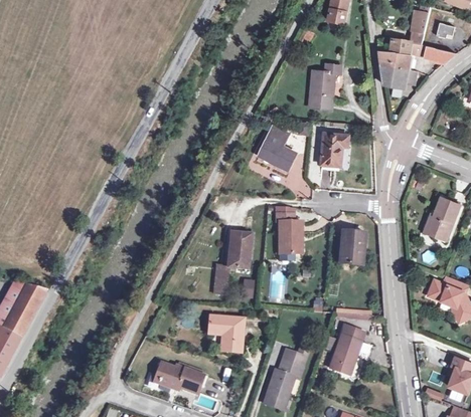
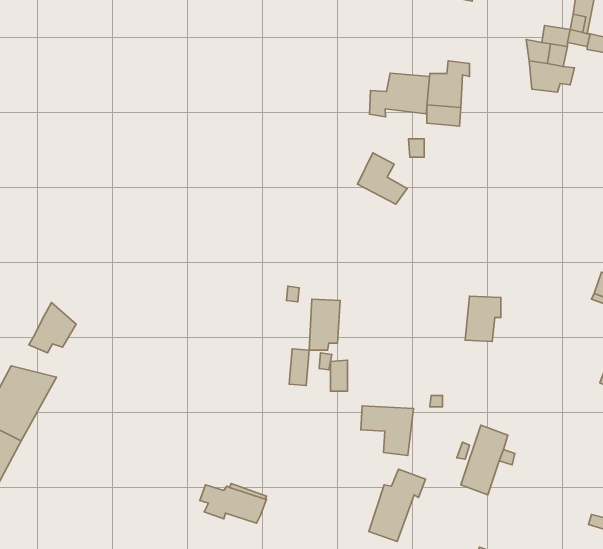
building: none -> [370,73,429,117]
building: [318,137,349,168] -> none
building: [270,215,298,255] -> none
building: none -> [29,302,76,353]
building: [204,314,242,349] -> [361,406,413,455]

